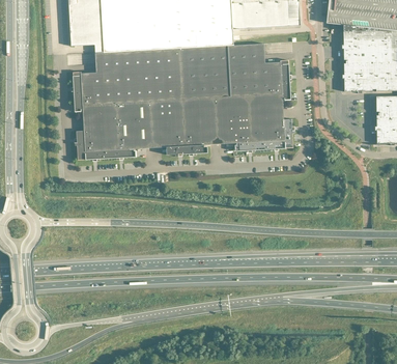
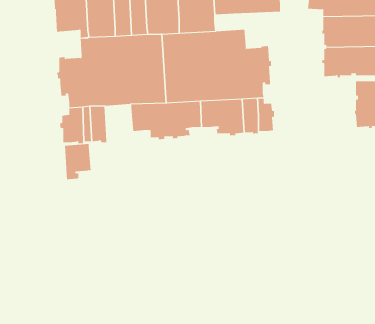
building: [120,119,148,157] -> [64,143,91,180]

